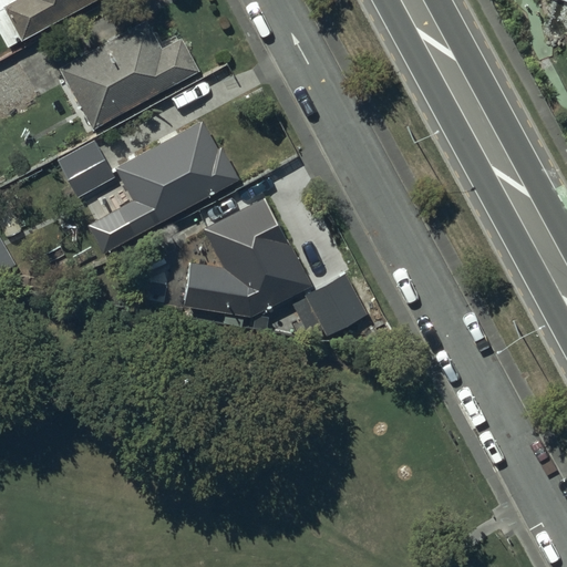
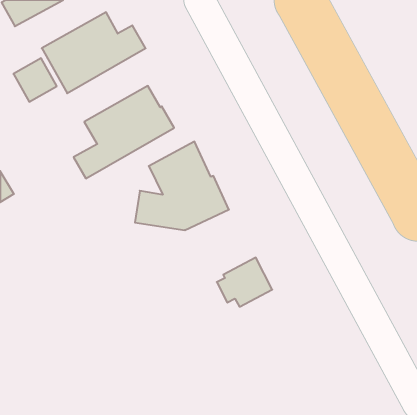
building: [58,141,116,199] -> [13,58,57,102]
building: [293,272,369,339] -> [217,258,272,307]

